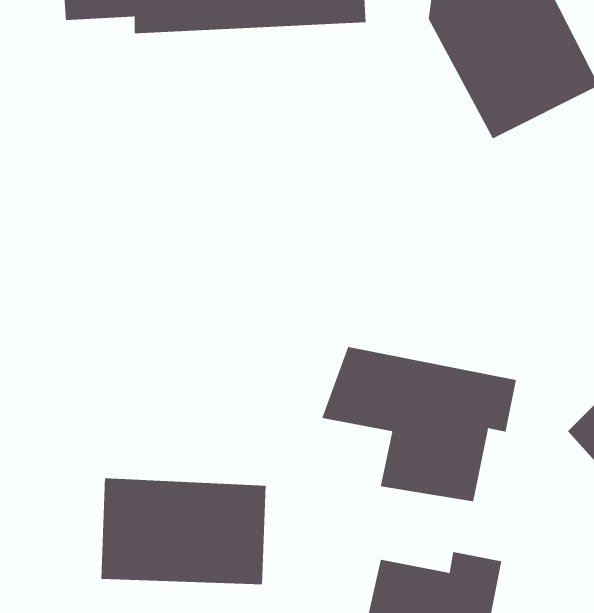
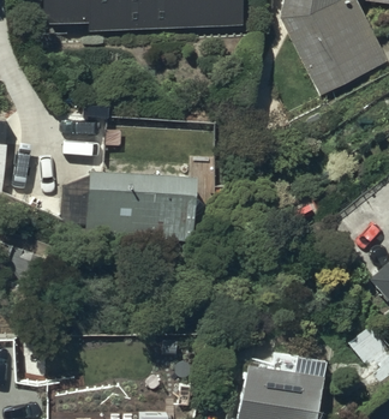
building: [321,346,517,502] -> none
building: [100,478,267,585] -> [89,168,193,235]

